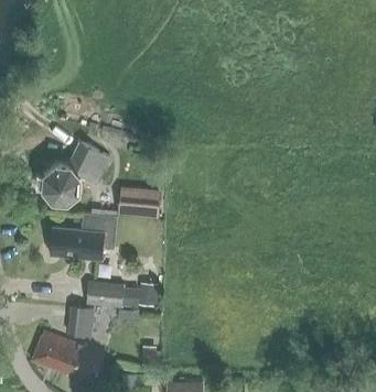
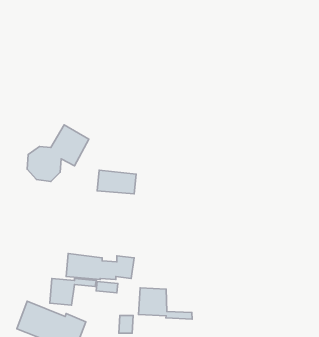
building: [49,214,117,262] -> none
building: none -> [139,288,192,319]

